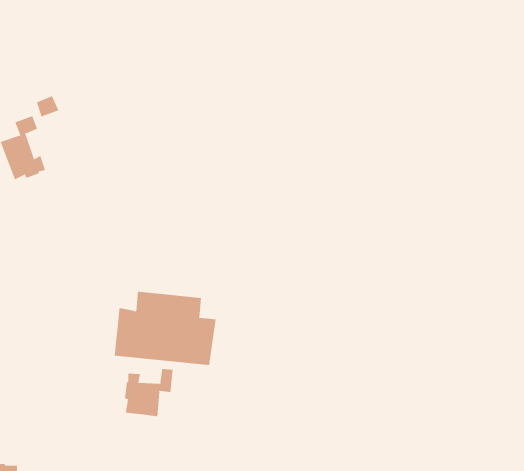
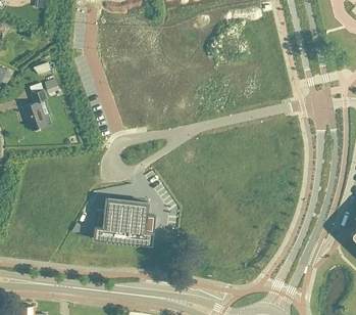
building: [125,368,173,417] -> none

